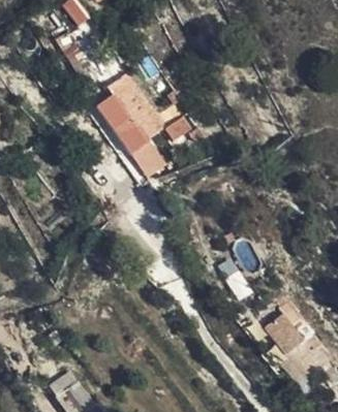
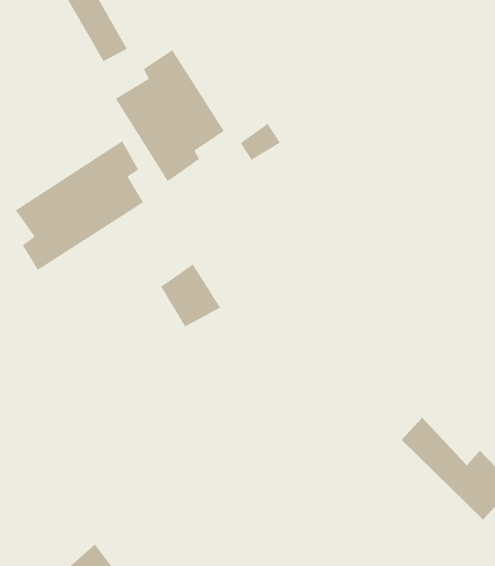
building: none -> [15,140,144,271]
building: [119,138,157,179] -> [160,264,221,328]

